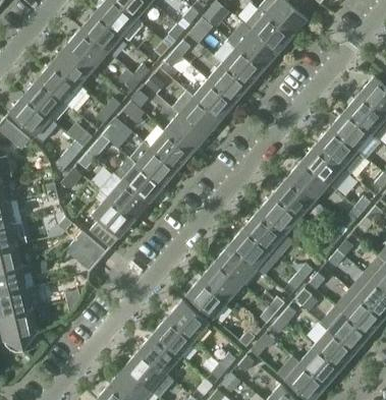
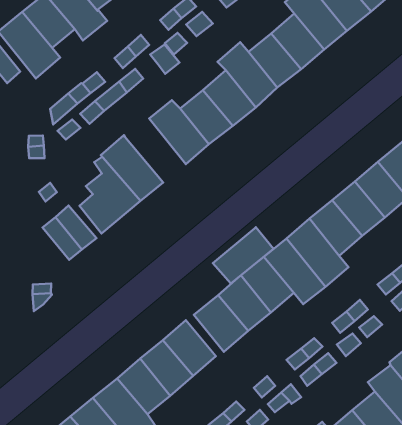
building: [115,156,163,202] -> none
building: none -> [213,227,273,284]

